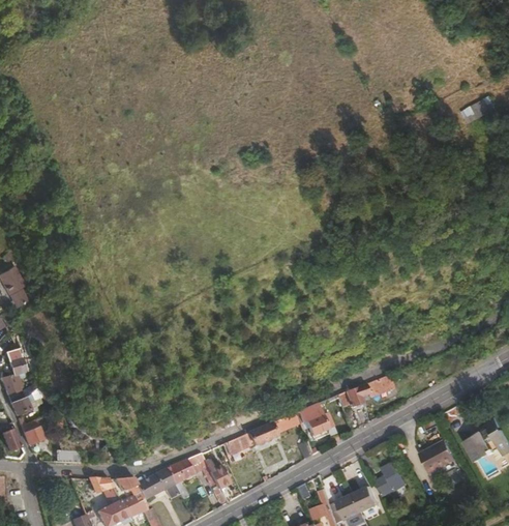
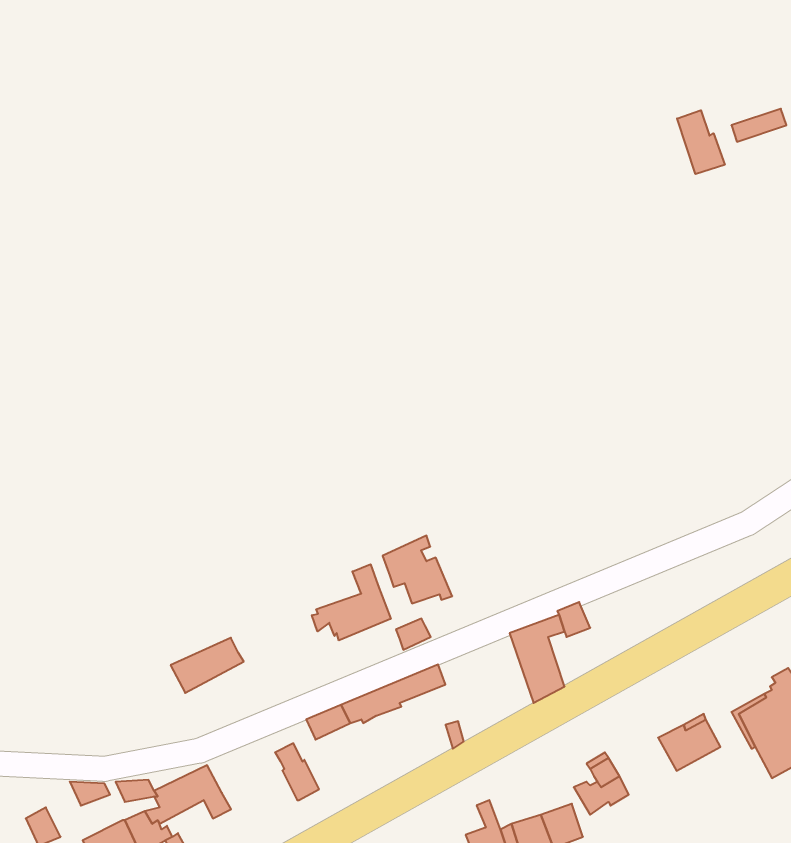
building: none -> [677,110,725,174]
building: none -> [312,564,391,640]
building: [297,401,336,439] -> [383,536,452,603]
building: [167,454,208,485] -> [171,638,244,693]

